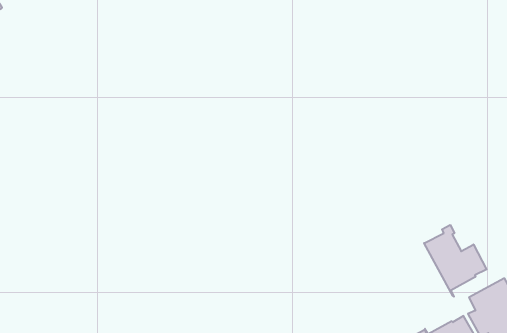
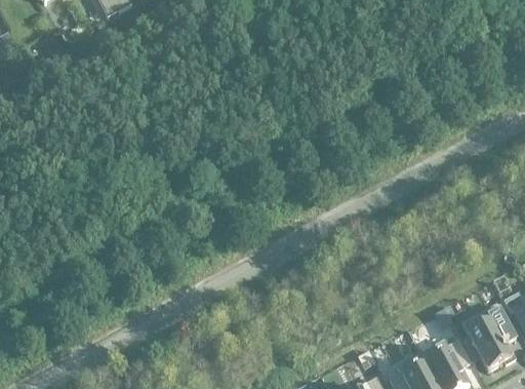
building: [424,225,487,297] -> none

